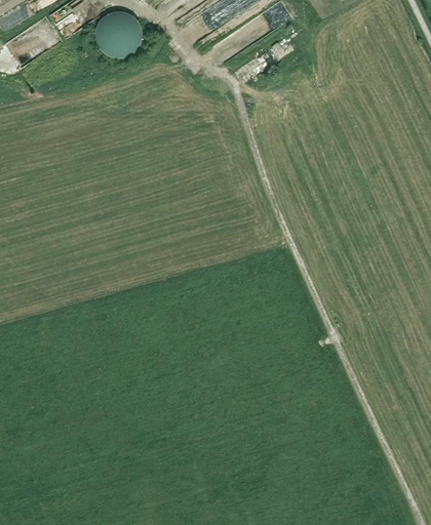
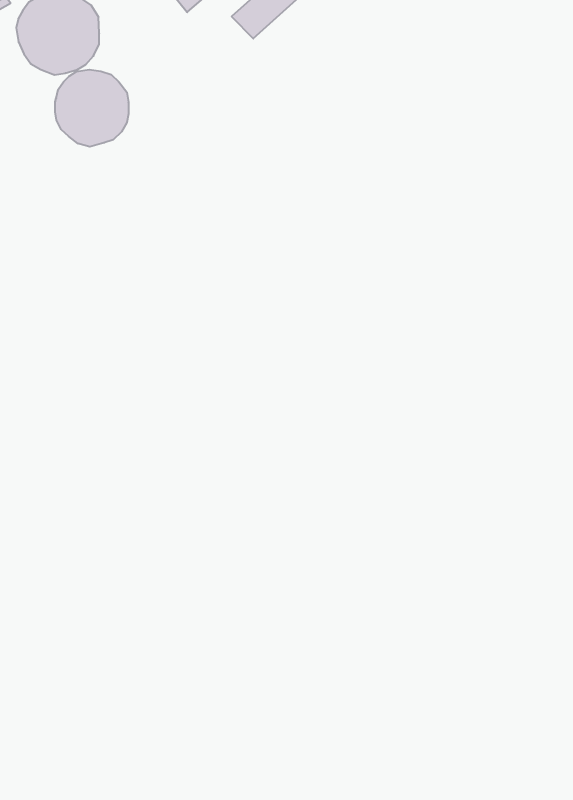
building: none -> [55,70,129,147]

